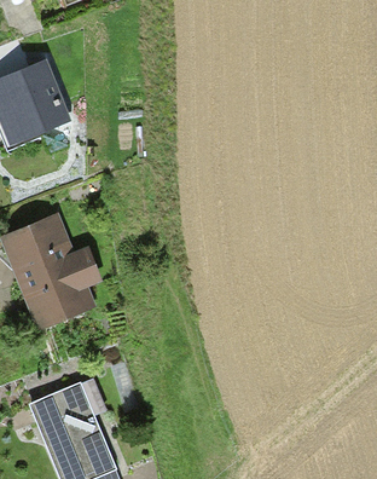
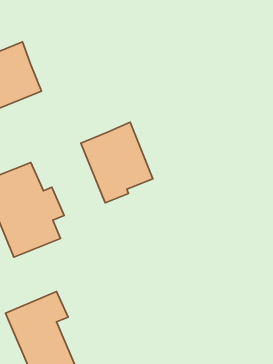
building: none -> [81,122,153,203]

